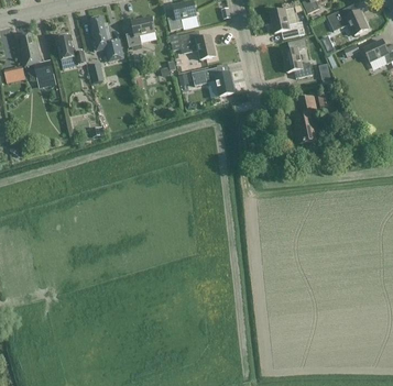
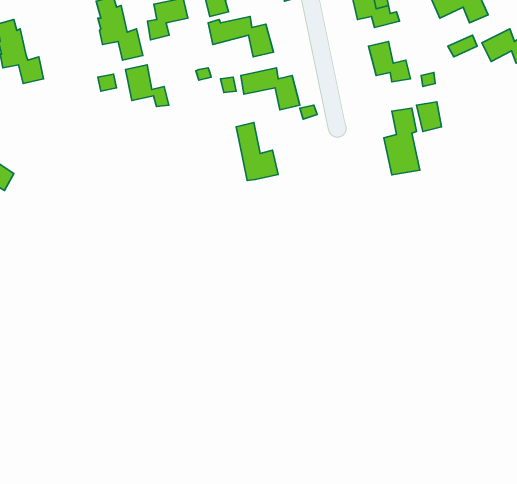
building: [55,34,86,64] -> [125,65,169,107]
building: none -> [236,123,278,181]

